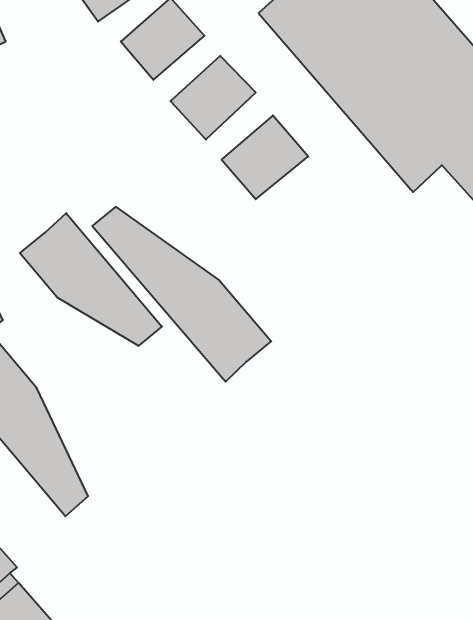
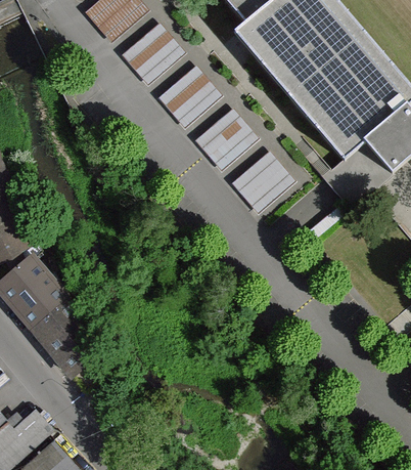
building: none -> [235,148,298,209]
building: [92,207,271,382] -> none
building: [20,213,162,346] -> none

